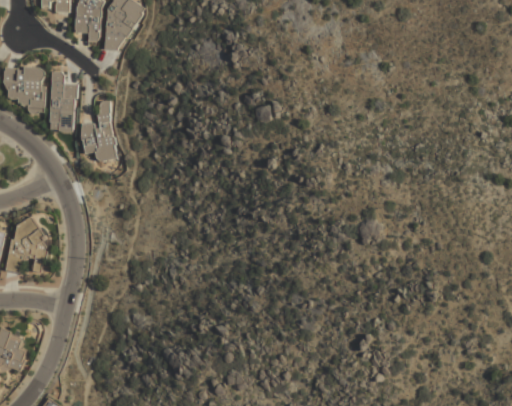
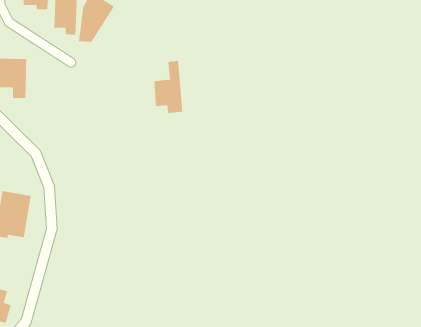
building: [50,72,76,131] -> none
building: [81,100,115,161] -> [153,60,183,113]

